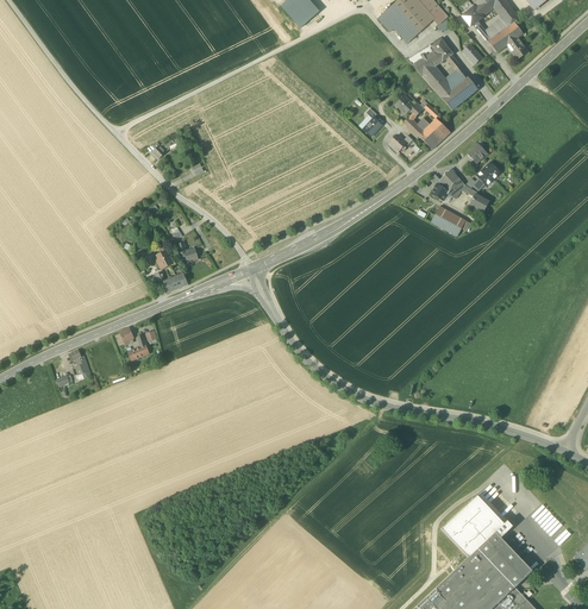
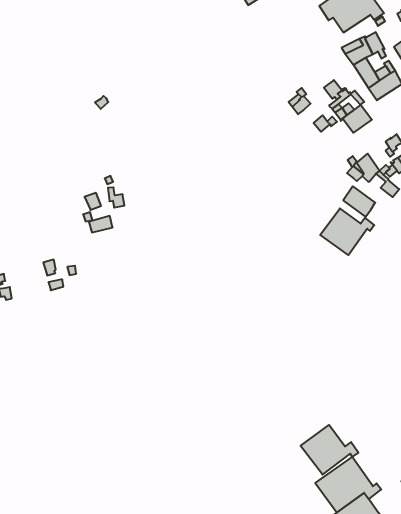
building: none -> [320,208,374,255]
building: none -> [301,425,358,475]

